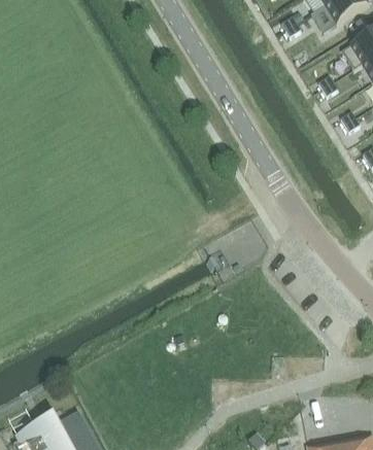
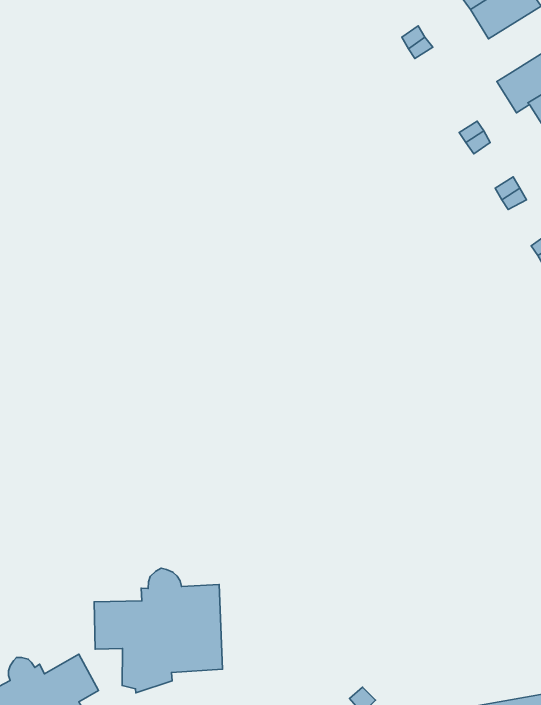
building: none -> [94,568,222,693]

